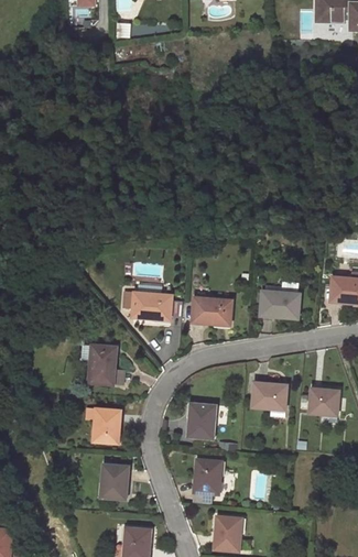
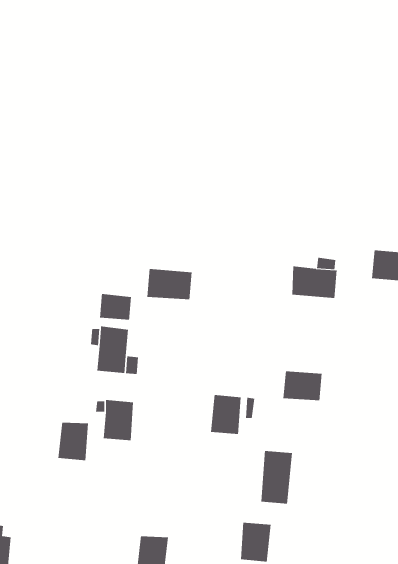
building: [192,296,231,325] -> none
building: none -> [99,293,132,320]
building: [308,387,340,415] -> none
building: [194,458,223,505] -> [260,450,293,504]
building: [101,465,129,499] -> [58,422,89,461]

